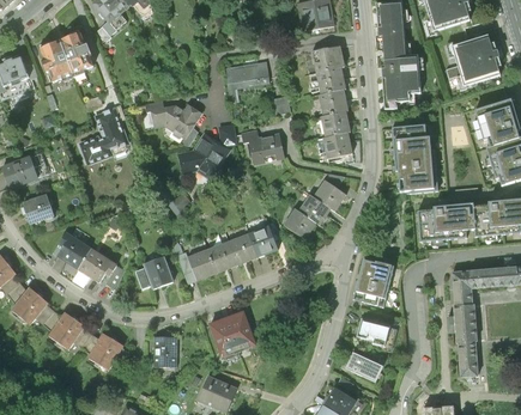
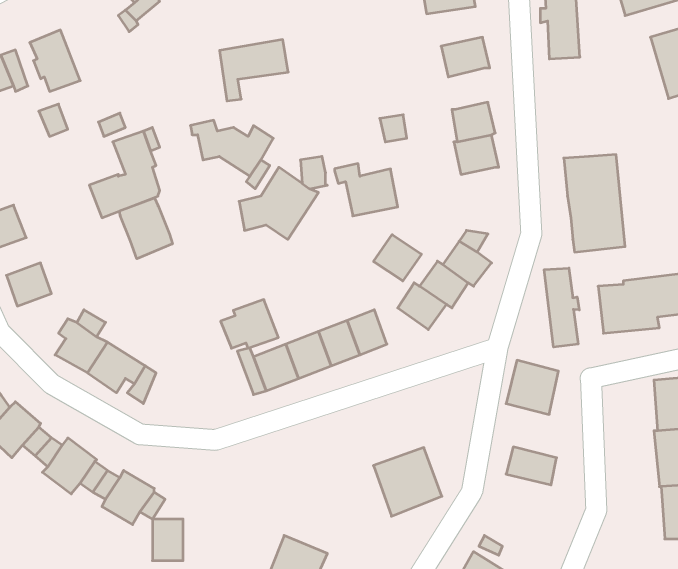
building: [59,33,91,74] -> none
building: [381,57,418,100] -> none
building: [224,61,269,102] -> [220,40,288,101]
building: [316,66,345,93] -> none
building: [322,132,352,158] -> none
building: none -> [120,198,172,259]
building: none -> [374,235,421,281]
building: none -> [544,268,579,347]
building: [134,256,172,288] -> [221,300,278,348]
building: [208,311,254,356] -> [373,448,442,516]
building: [155,337,175,365] -> [152,519,183,561]
building: [344,353,382,383] -> none

